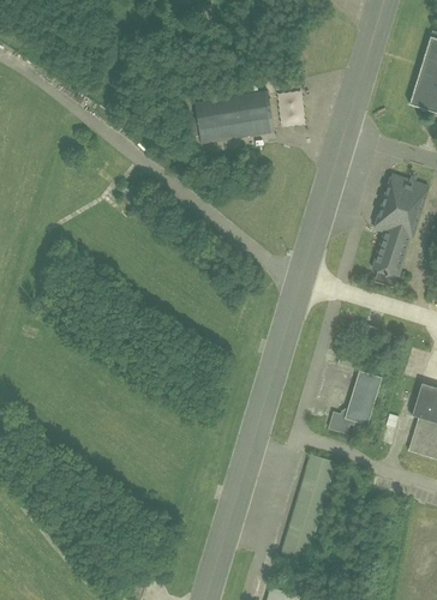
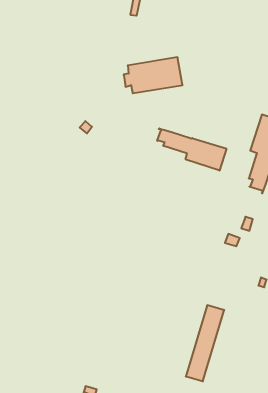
building: none -> [157,128,226,171]
building: [329,371,382,433] -> none

